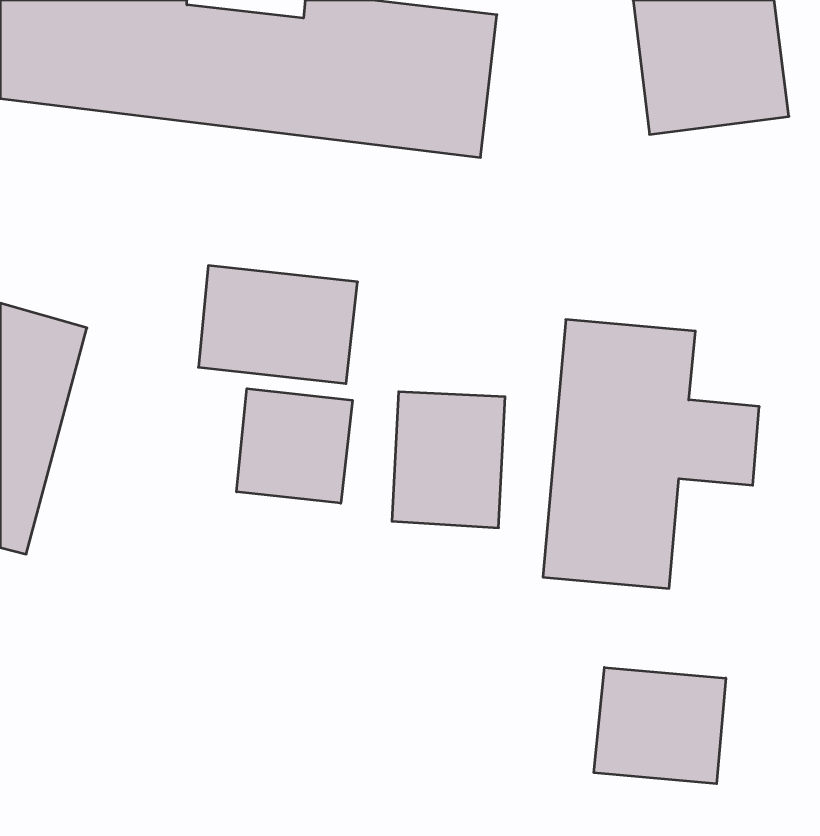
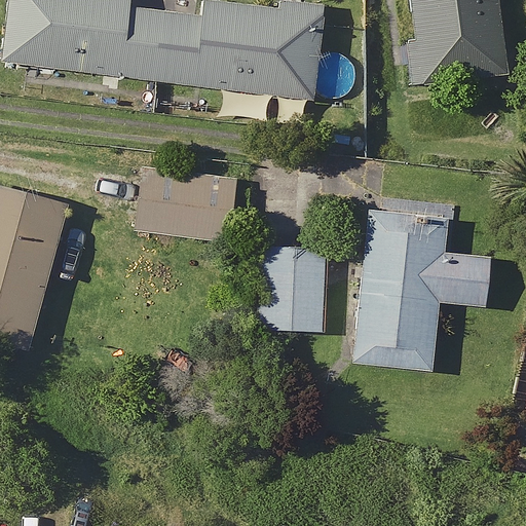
building: [237,389,352,503] -> none
building: [594,667,726,784] -> none

